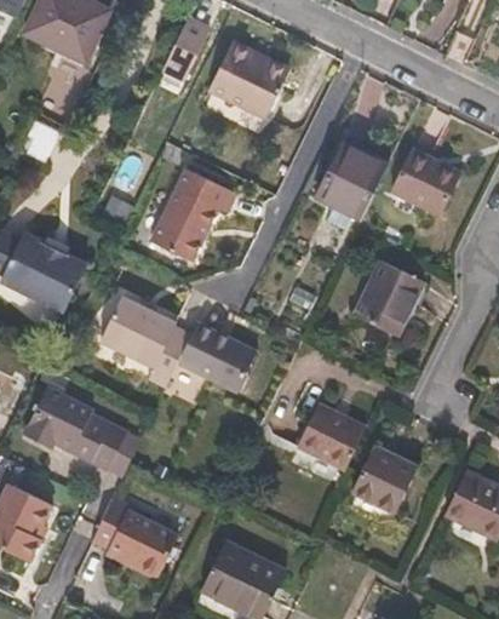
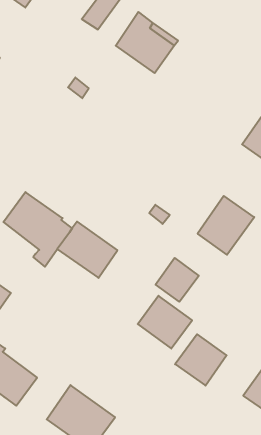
building: [316,143,386,218] -> none
building: [148,168,234,263] -> none
building: none -> [156,258,199,302]

